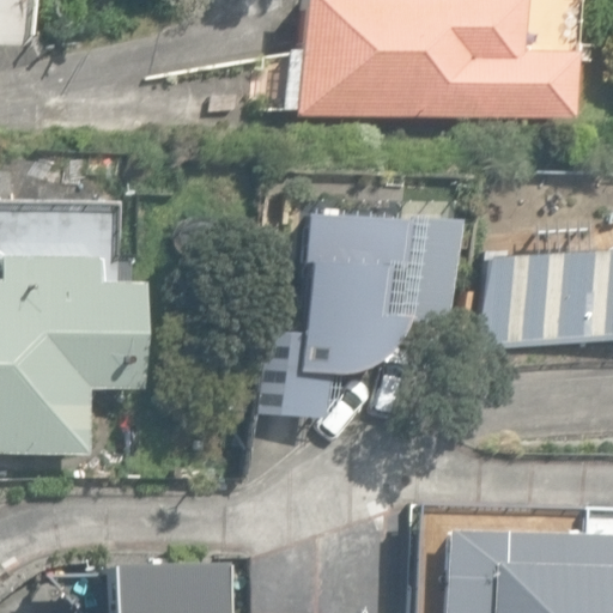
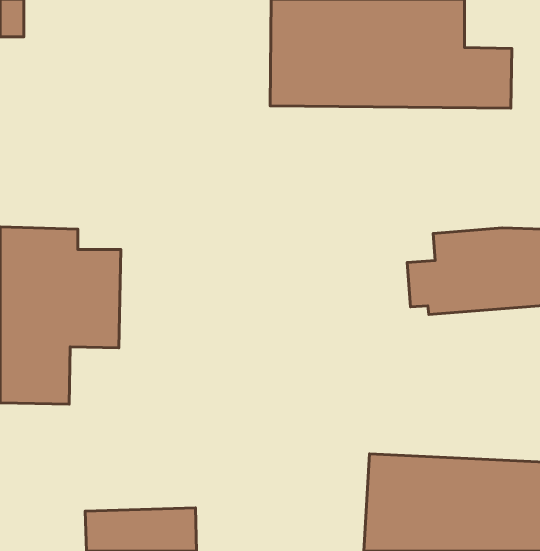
building: [279,217,421,415] -> none

